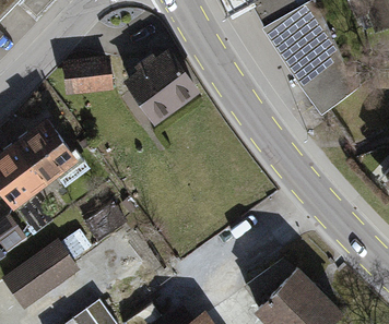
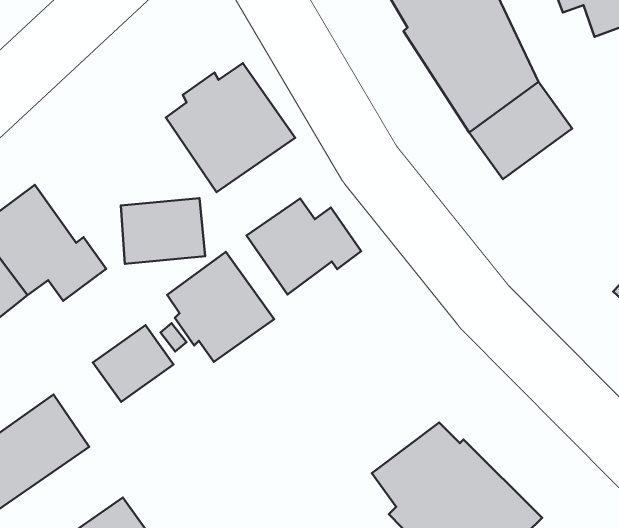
building: [62,56,111,94] -> [121,198,205,264]
building: none -> [246,198,361,295]
building: none -> [167,252,274,362]

